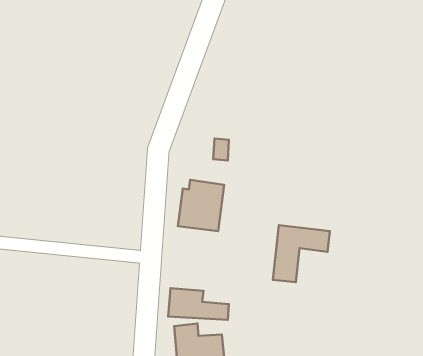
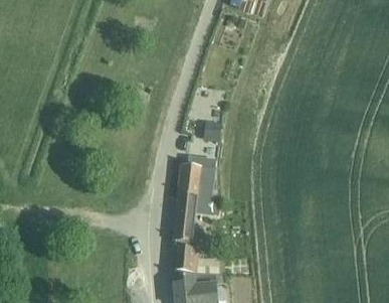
building: [273,225,330,282] -> [174,194,221,242]

